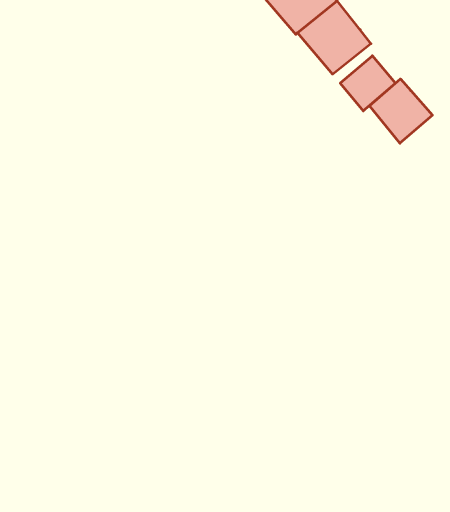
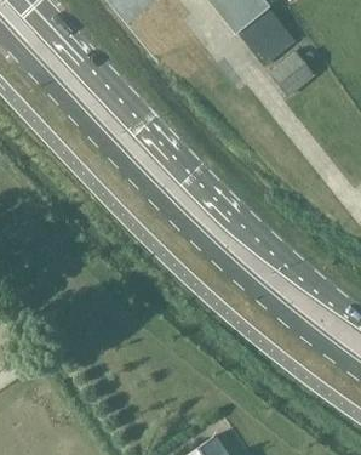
building: [369,79,432,143] -> none

